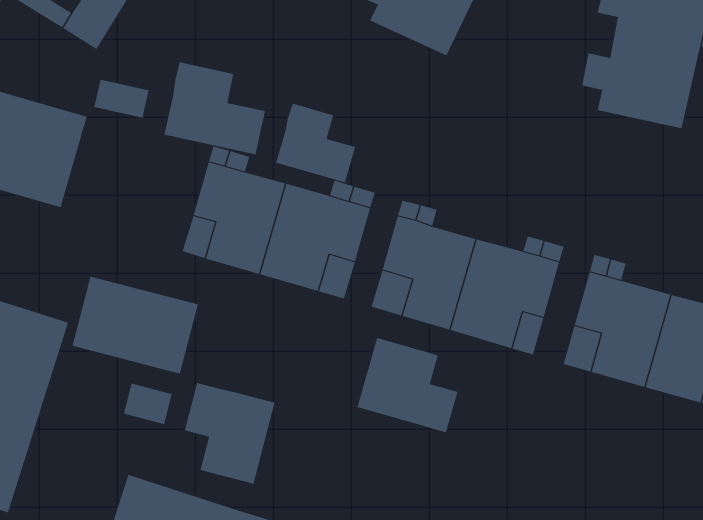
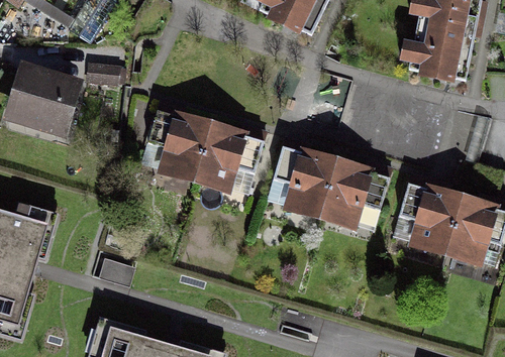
building: [164,62,265,155] -> none
building: [275,103,356,183] -> none
building: [72,276,198,374] -> none
building: [357,337,458,433] -> none
building: [184,382,275,485] -> none

